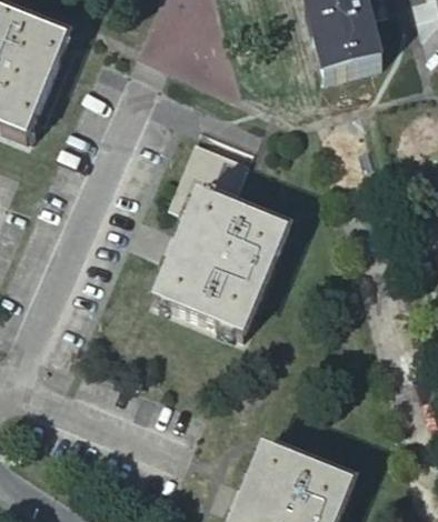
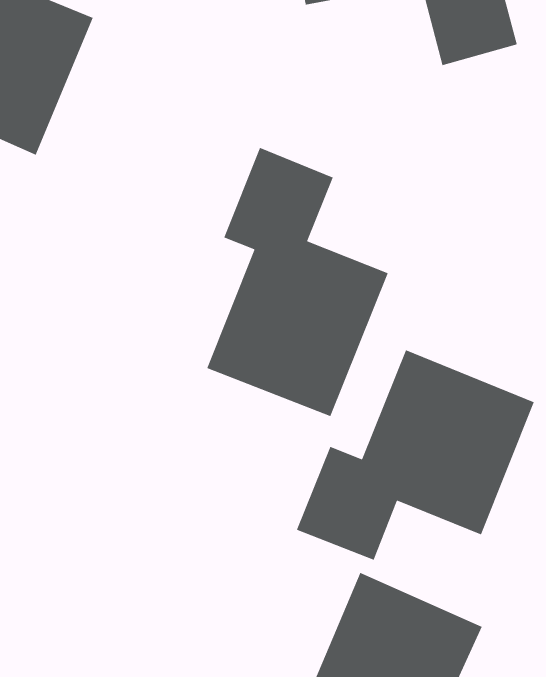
building: none -> [296,349,535,561]

